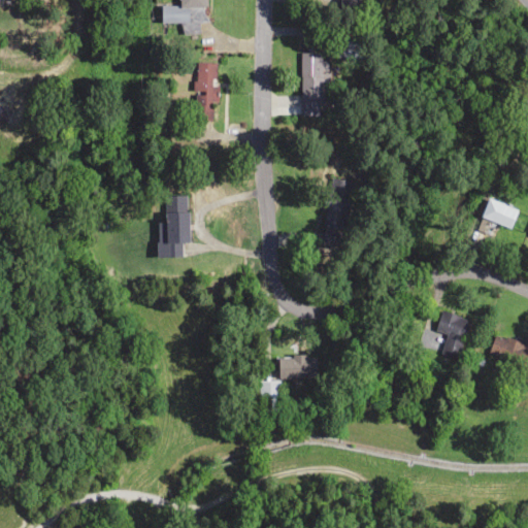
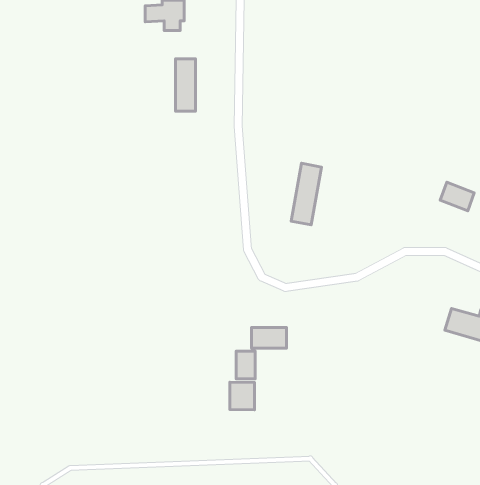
building: [303,53,329,113] -> none
building: [159,196,190,257] -> none
building: [437,310,472,360] -> none
building: none -> [230,382,254,410]

